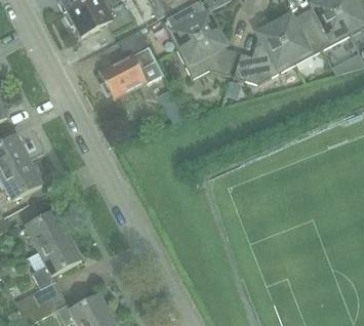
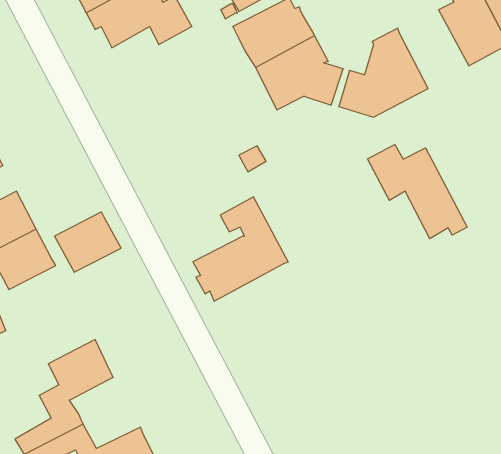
building: [274,10,322,64] -> none
building: [98,28,163,98] -> [193,197,288,301]
building: none -> [367,145,467,239]
building: [24,209,69,250] -> [55,212,121,272]

